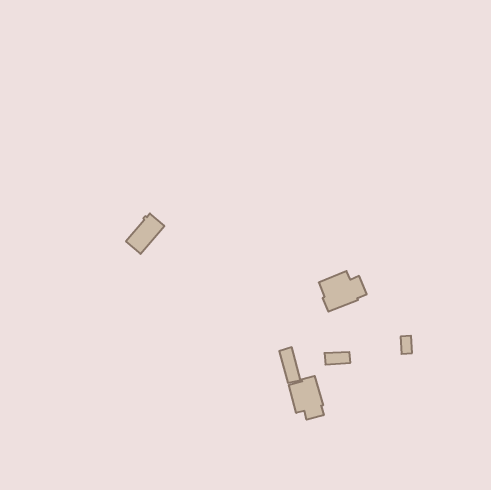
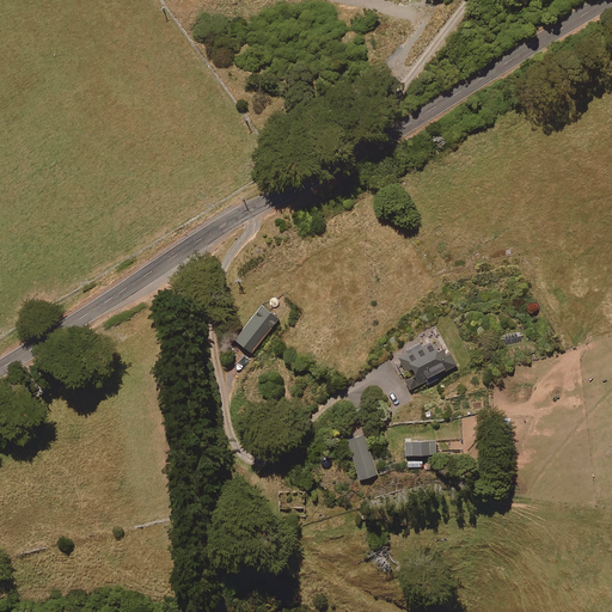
building: [126,213,164,254] -> [233,302,281,353]
building: [289,376,324,420] -> none

